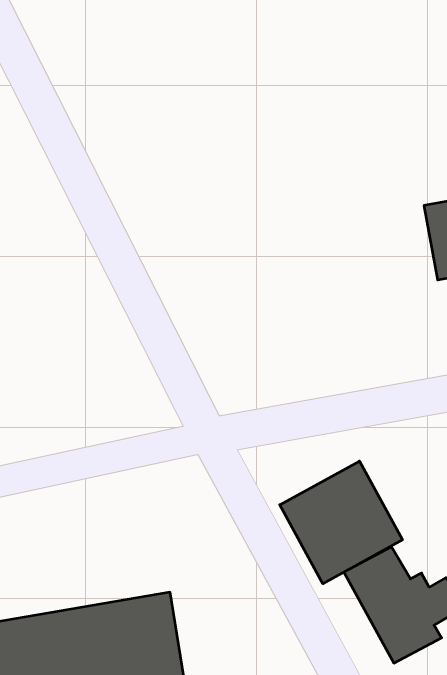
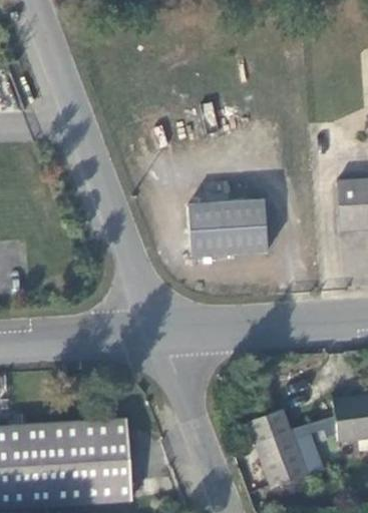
building: none -> [183,201,263,258]
building: [280,461,402,584] -> none

